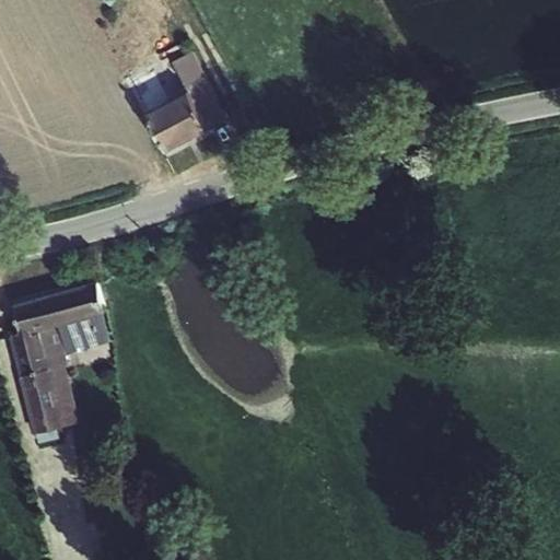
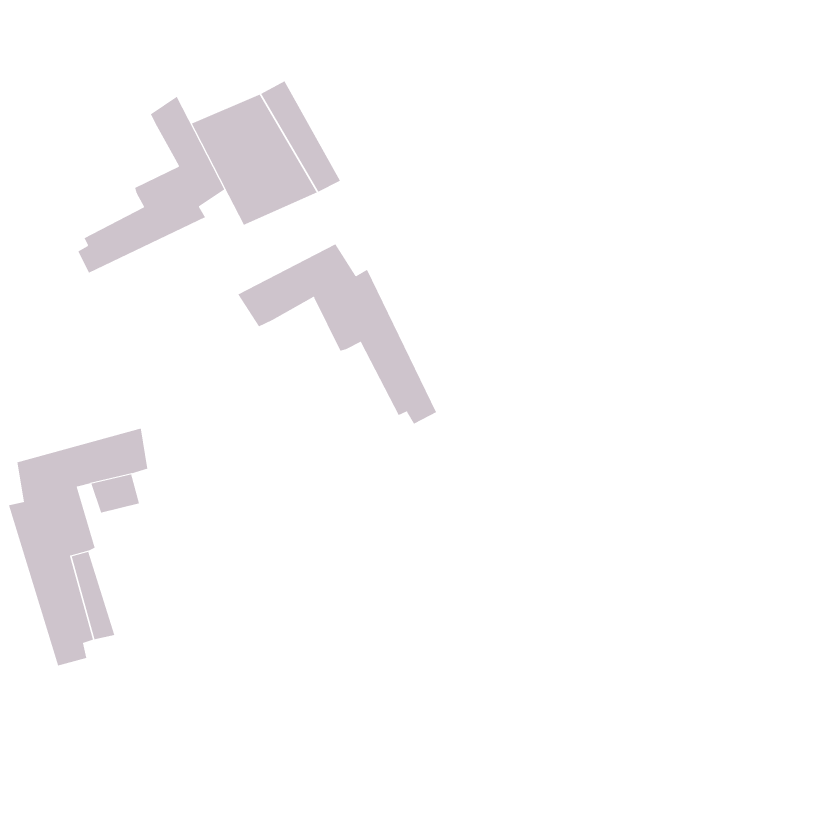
building: none -> [77,96,225,274]
building: none -> [237,243,437,425]

